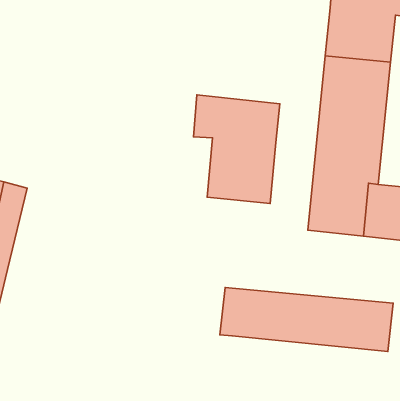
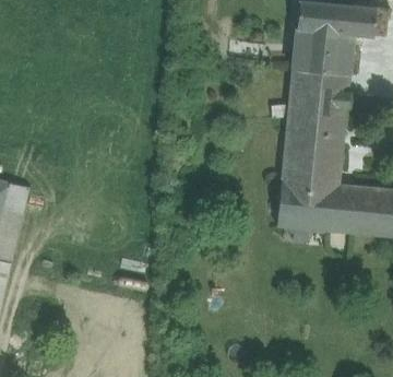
building: [193,95,280,203] -> none
building: [220,288,393,351] -> none

